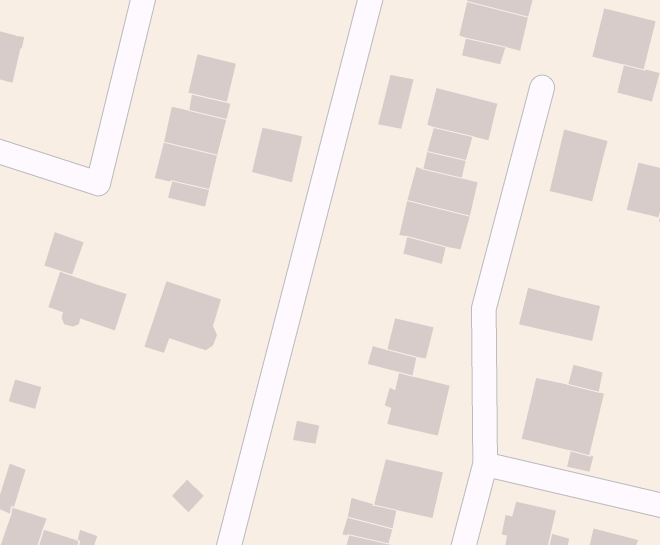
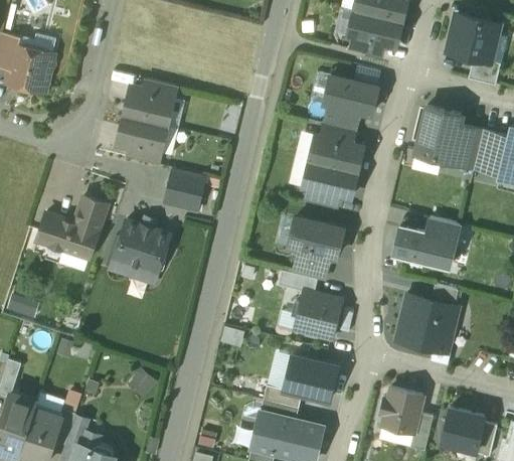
building: none -> [8,45,54,91]
building: [188,54,237,103] -> none
building: [378,74,414,129] -> none
building: [251,127,303,183] -> [165,169,204,211]
building: none -> [450,125,484,167]
building: [43,231,85,275] -> [75,197,107,231]
building: none -> [426,216,460,240]
building: none -> [289,217,343,257]

